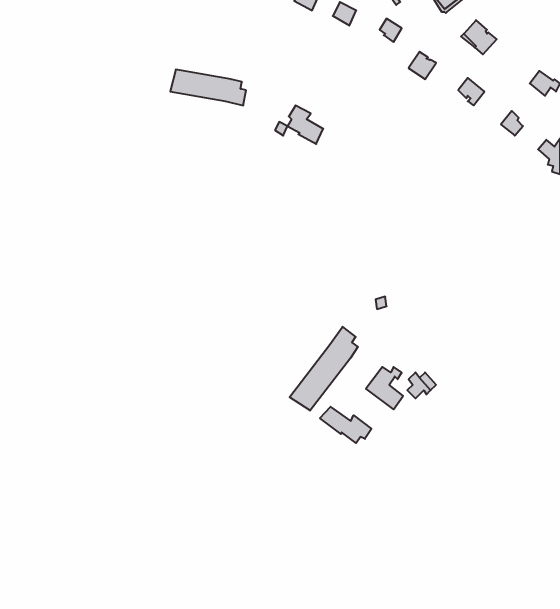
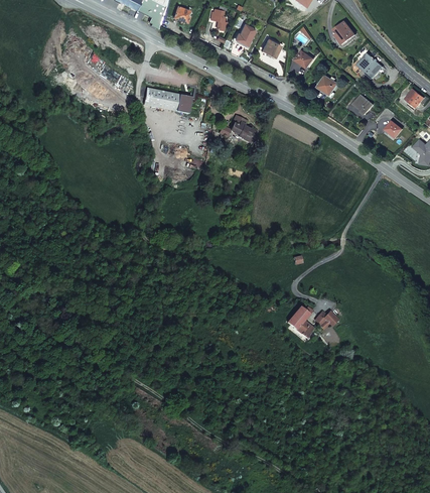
building: [290,327,358,411] -> none
building: [320,407,371,443] -> none

